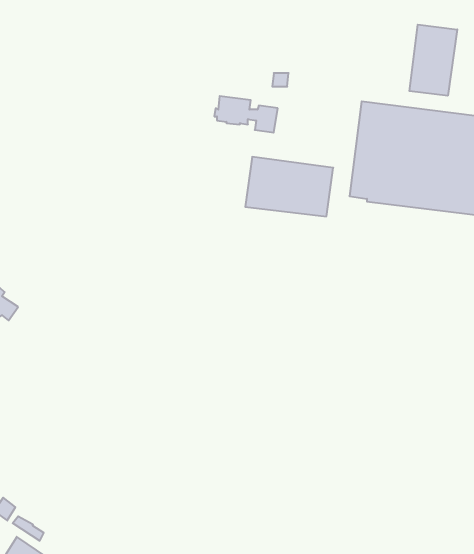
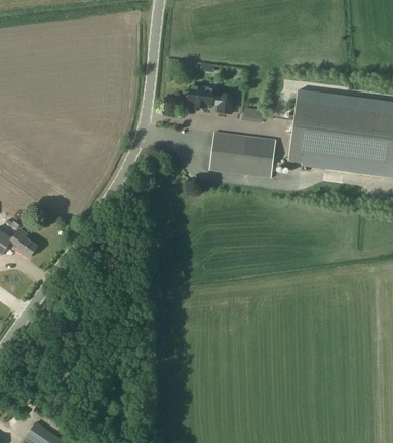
building: [409,25,457,96] -> none

